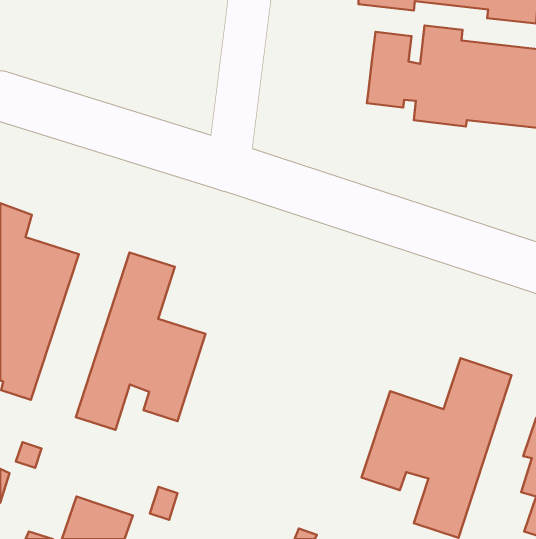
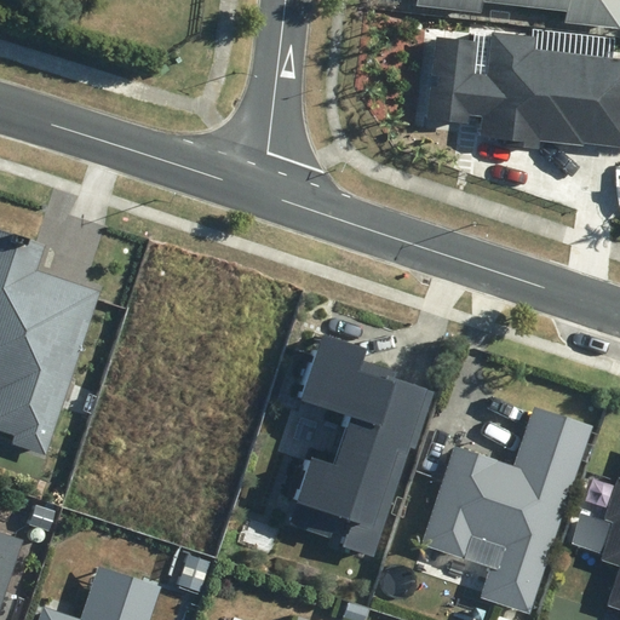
building: [76,252,206,430] -> none
building: none -> [286,335,432,555]

